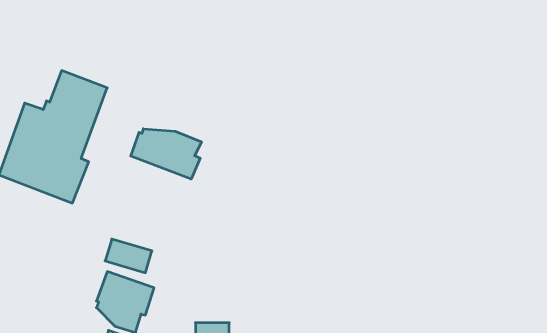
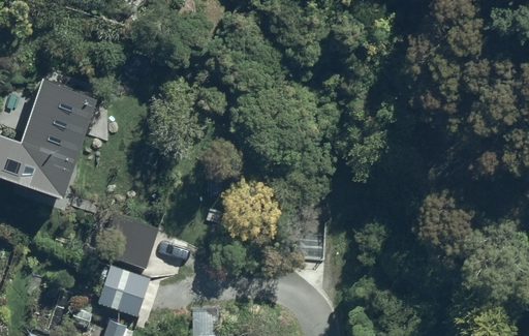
building: [131,129,201,179] -> none

